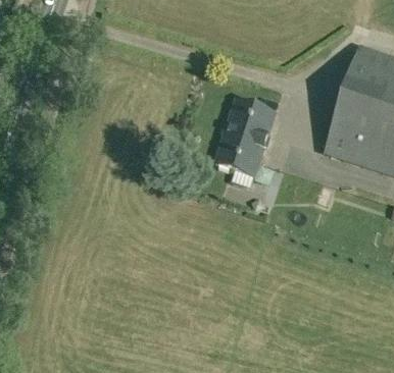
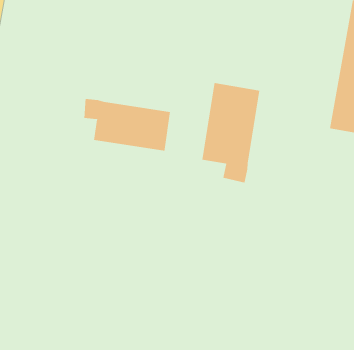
building: none -> [84,98,170,152]

